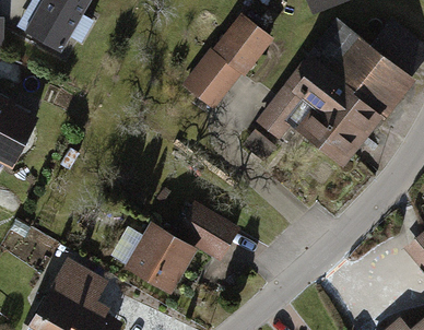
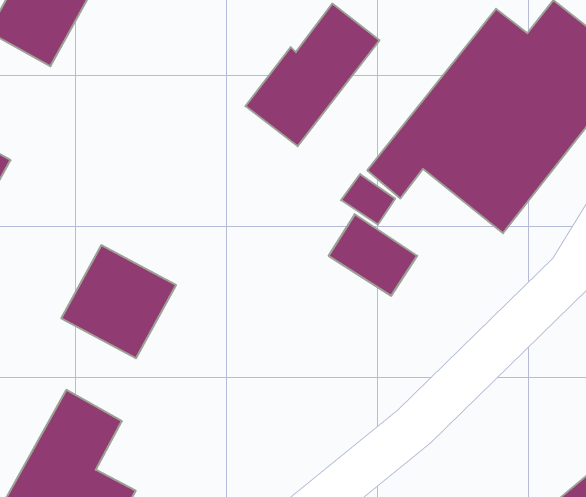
building: [178,205,234,257] -> [329,214,417,296]
building: [127,225,199,296] -> [61,245,176,358]

